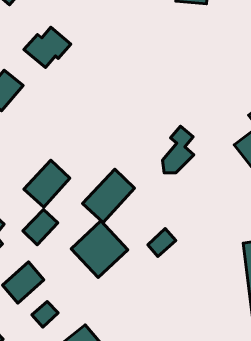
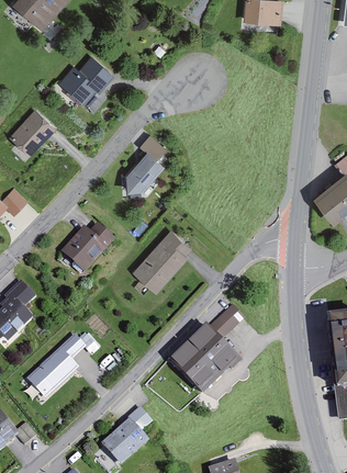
building: [162,126,194,173] -> [126,134,165,191]
building: [23,209,58,245] -> none
building: [71,221,128,278] -> [171,325,240,394]
building: [32,302,58,327] -> none

